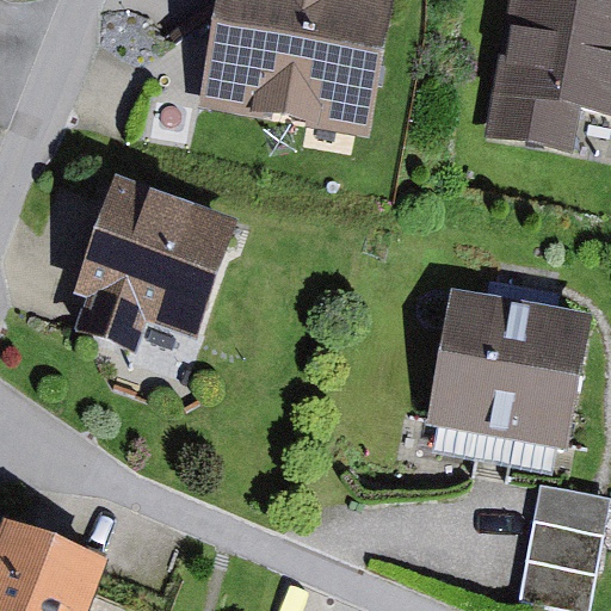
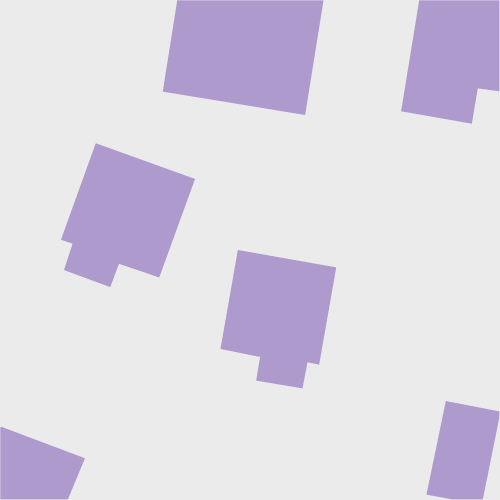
building: [426,280,588,449] -> none
building: none -> [220,249,337,389]

